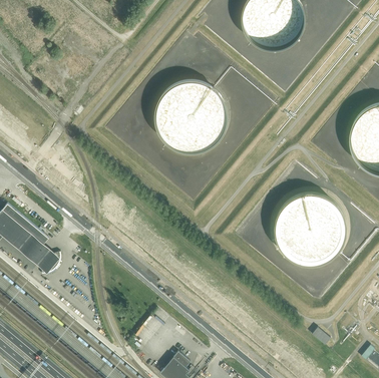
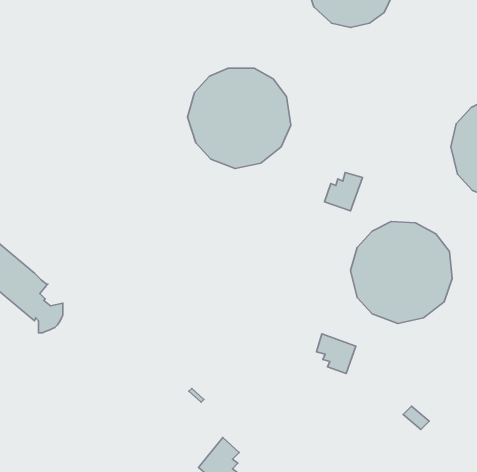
building: none -> [324,173,362,211]
building: none -> [316,334,356,373]

